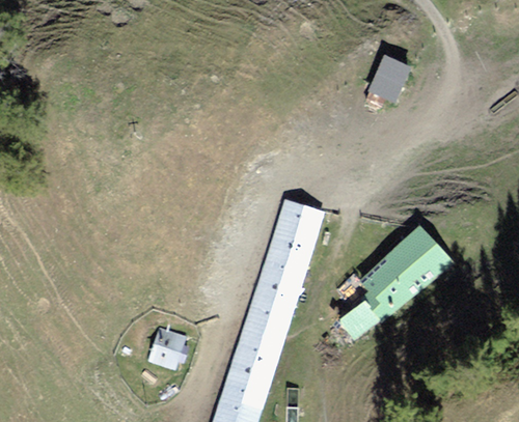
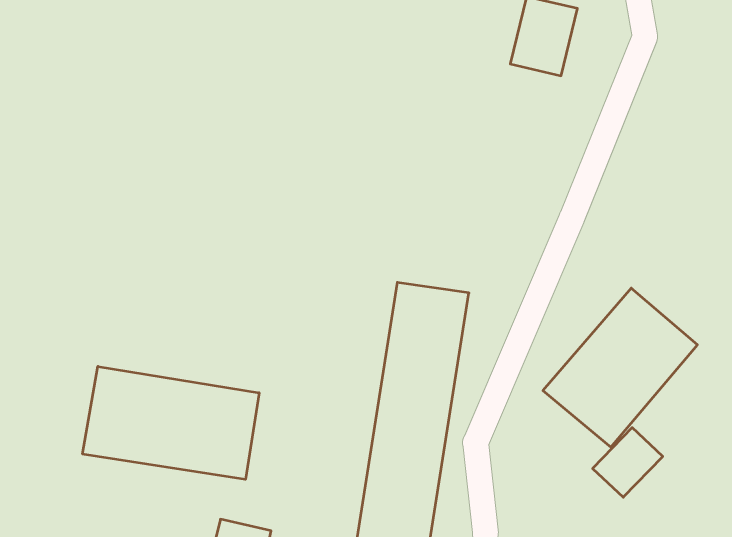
building: none -> [83,366,259,479]
building: [343,298,385,338] -> [593,428,663,497]

